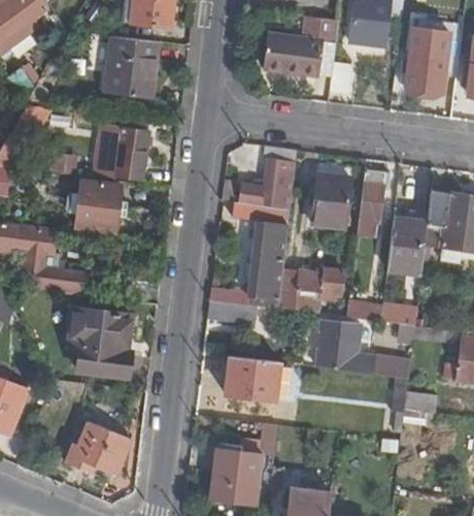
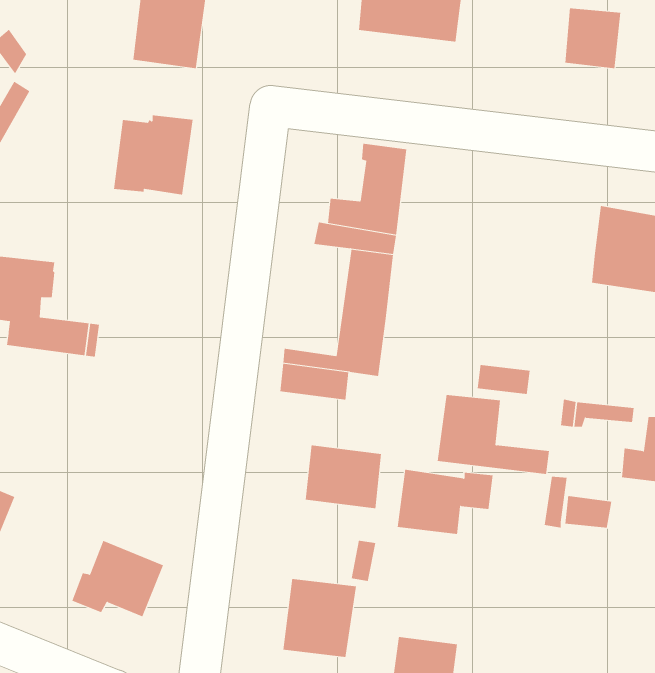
building: [357,169,386,235] -> none
building: [312,172,351,226] -> none
building: [74,180,122,230] -> none
building: [387,217,428,272] -> none
building: [278,267,345,313] -> [397,469,493,535]
building: [64,308,125,376] -> none

